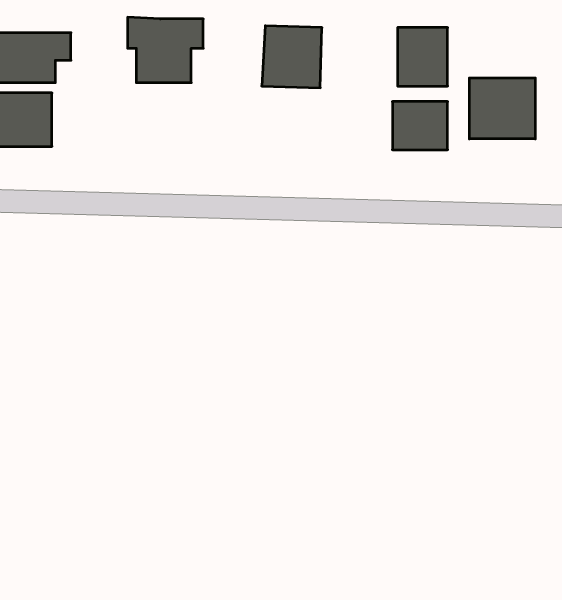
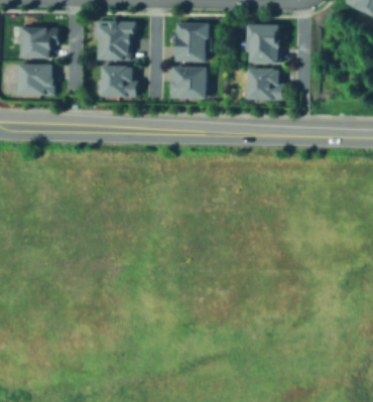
building: [469,78,535,139] -> none
building: none -> [103,65,140,94]
building: none -> [168,68,204,99]

